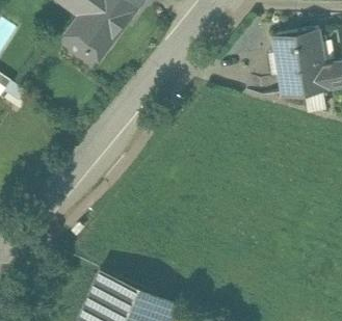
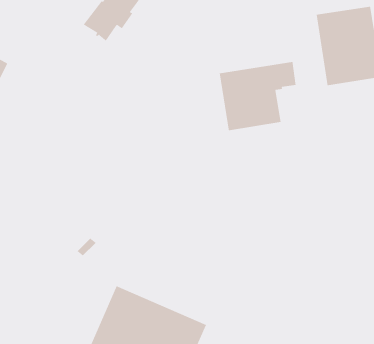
building: none -> [219,61,296,131]

